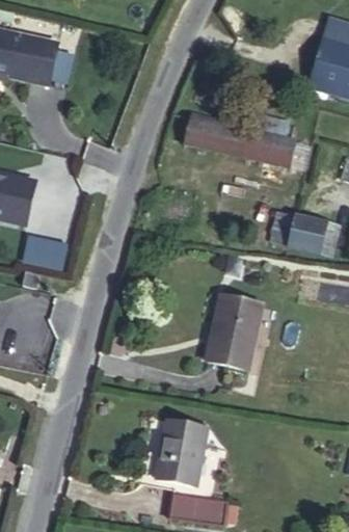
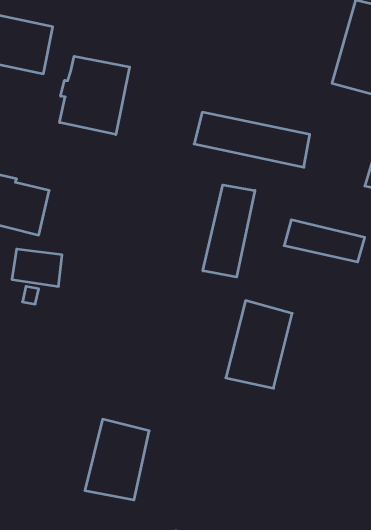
building: none -> [60,56,130,135]
building: none -> [203,185,255,277]
building: [150,413,207,484] -> [85,419,149,500]

